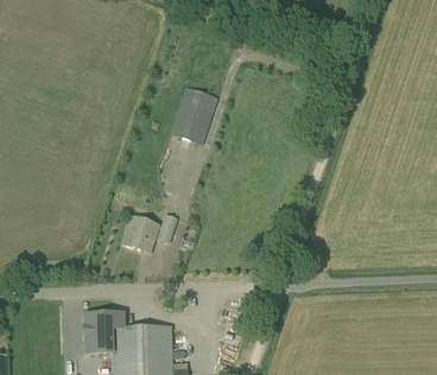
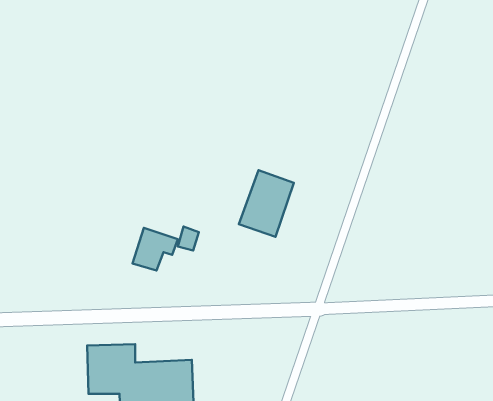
building: [170,89,216,145] -> [239,170,294,237]

